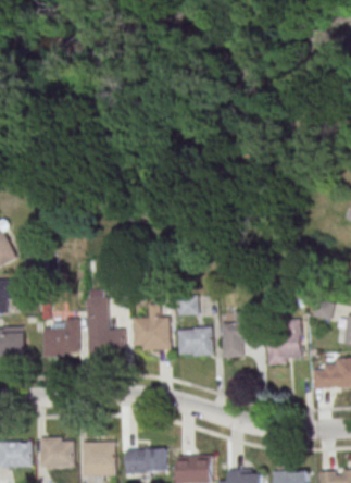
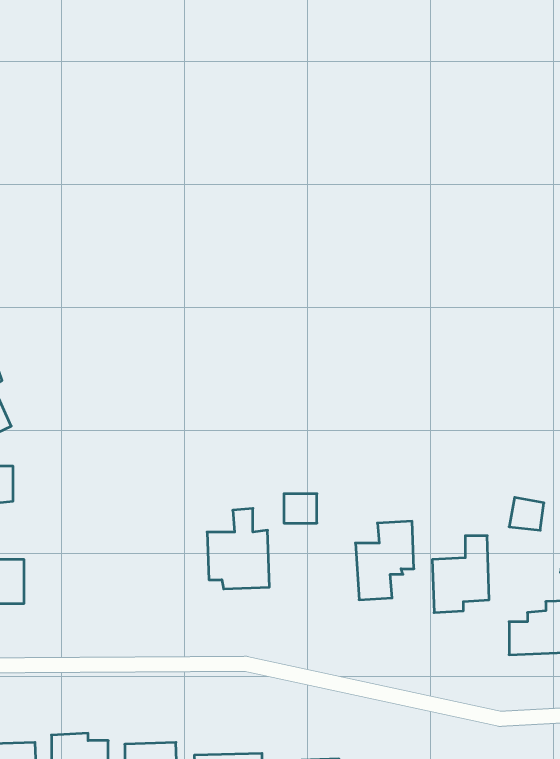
building: [86,298,126,358] -> none
building: [42,320,79,359] -> none
building: [178,329,213,358] -> none

